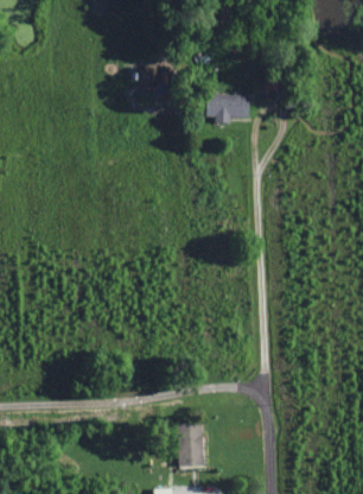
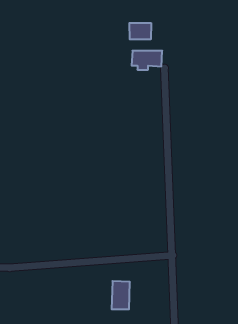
building: none -> [129,23,151,39]

